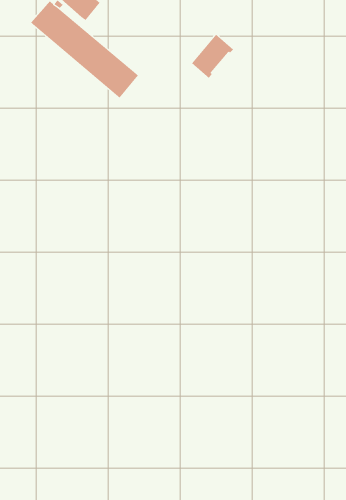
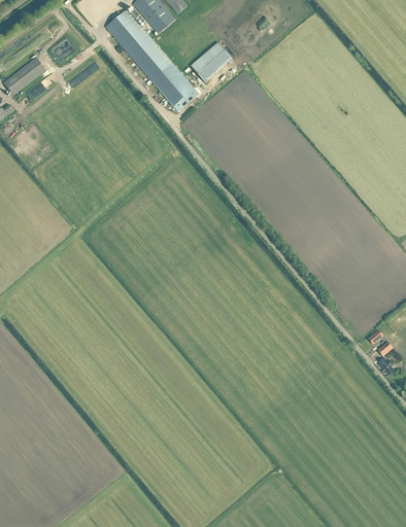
building: [191,34,234,79] -> [190,41,232,82]

